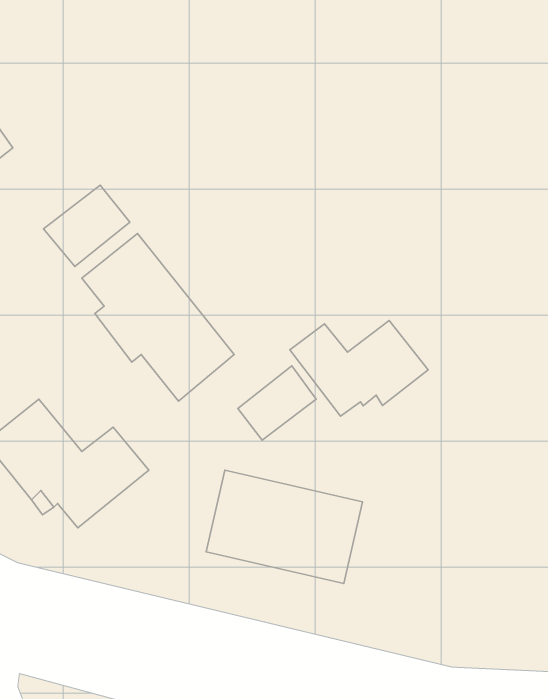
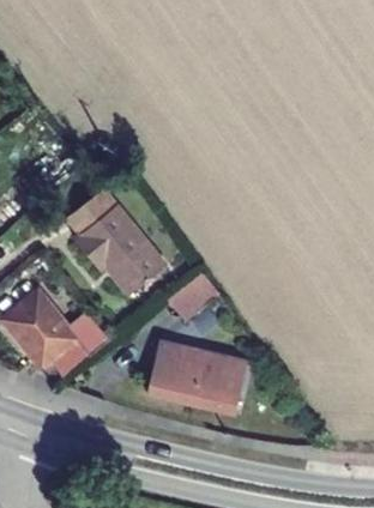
building: [43,185,130,267] -> none
building: [290,320,428,416] -> none

